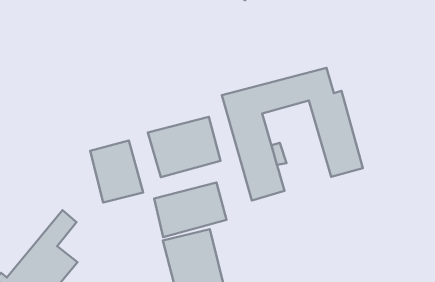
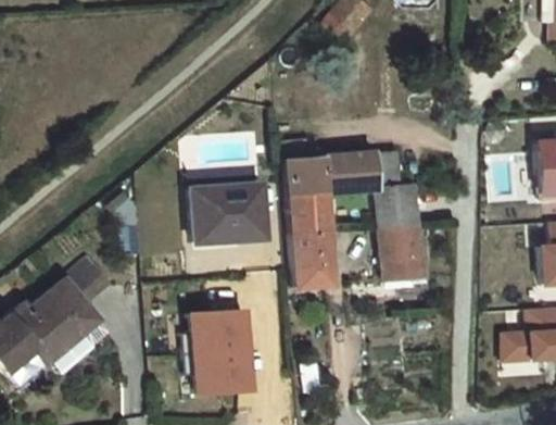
building: [90,140,143,202] -> none
building: [154,183,227,237] -> none

